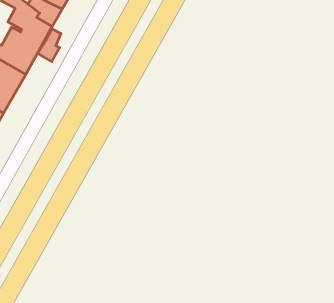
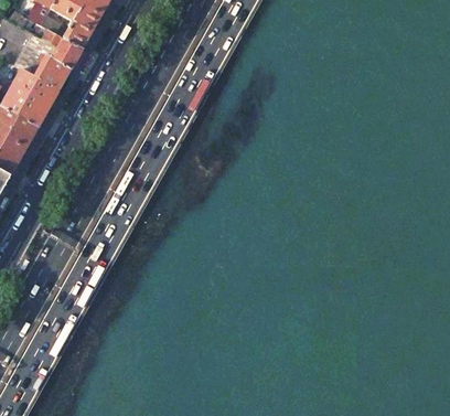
building: [37,29,61,62] -> none

